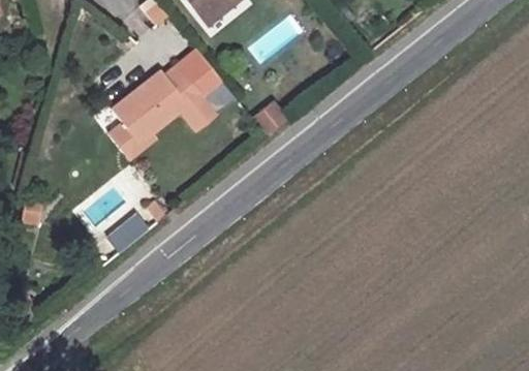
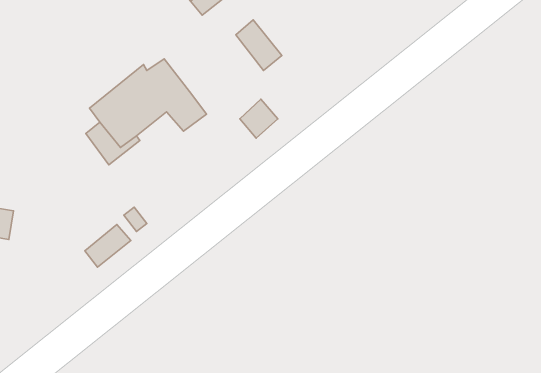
building: [179,51,220,96] -> [236,20,282,71]

